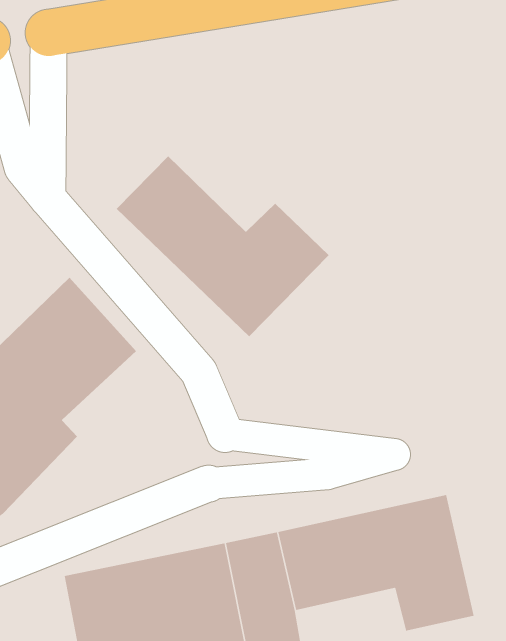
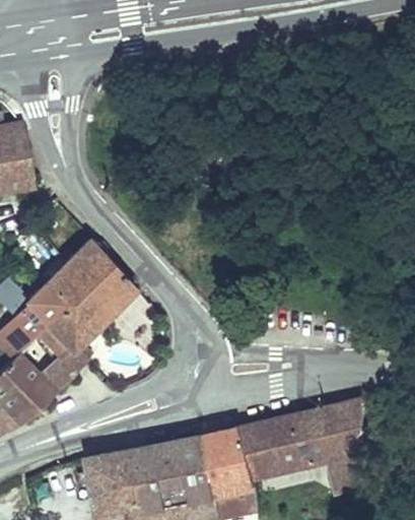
building: [116,156,329,337] -> none

